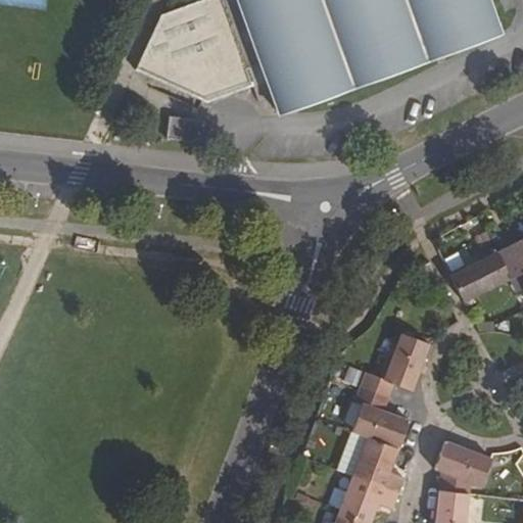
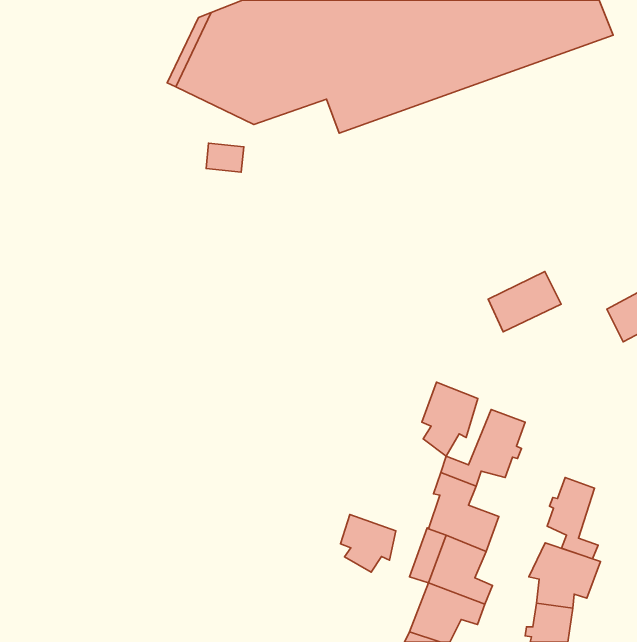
building: [451,251,511,300] -> [488,272,561,332]
building: none -> [422,382,478,456]
building: none -> [547,478,598,559]
building: none -> [341,515,396,572]

